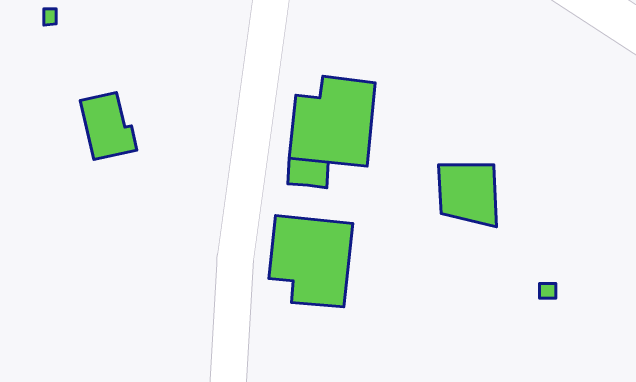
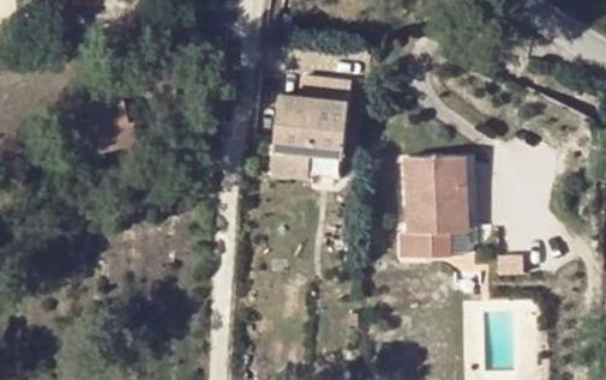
building: none -> [407,203,457,264]
building: [269,216,353,307] -> none

